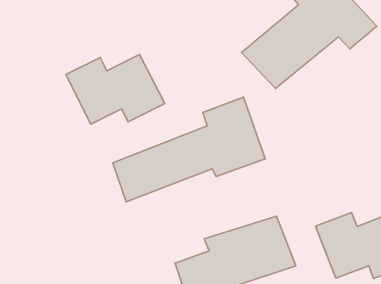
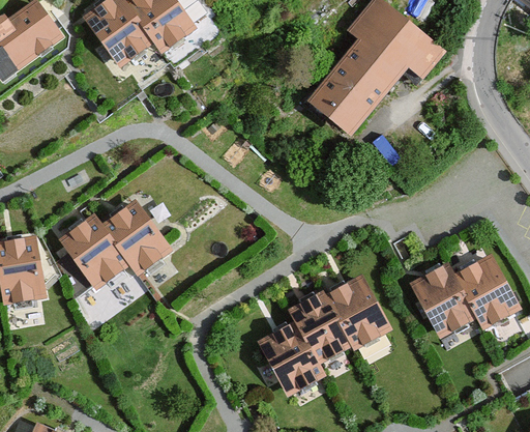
building: [66,55,165,124] -> [59,205,172,289]
building: [113,97,265,202] -> none

